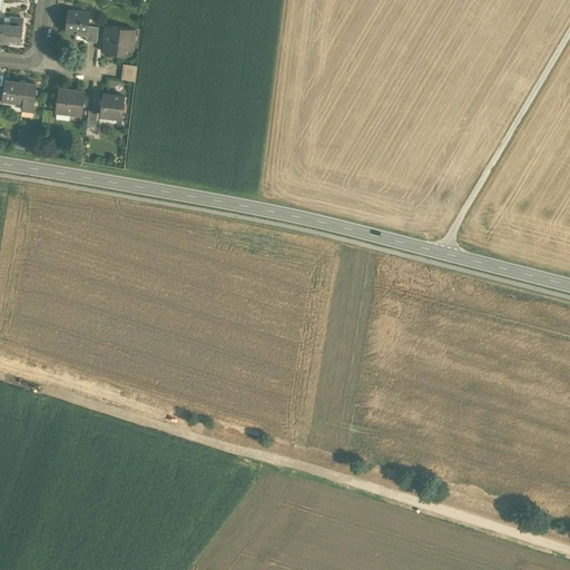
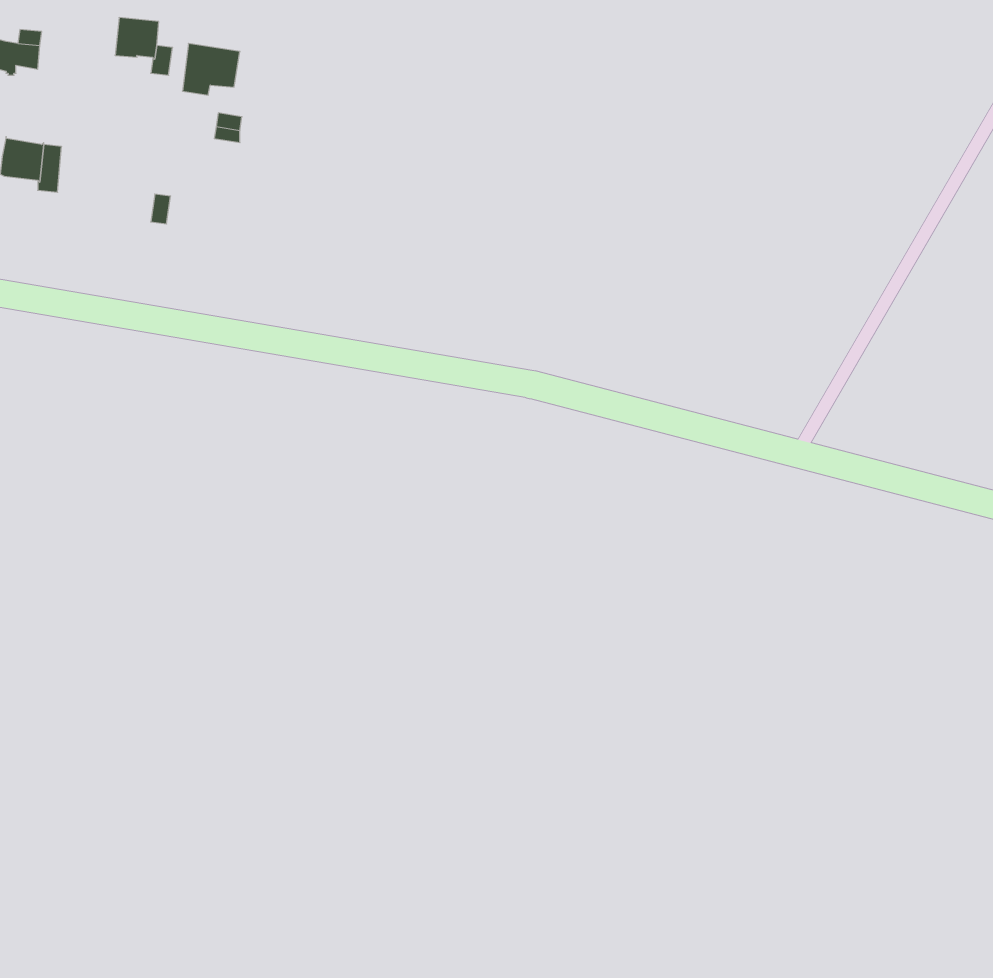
building: [56,90,83,115] -> none
building: [99,94,125,117] -> none

